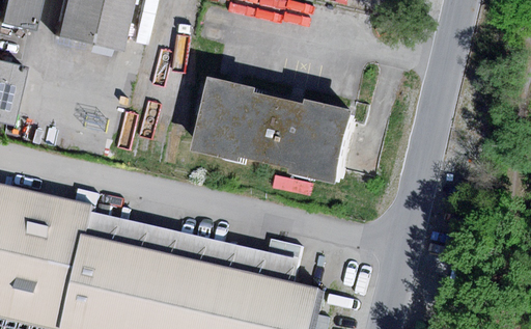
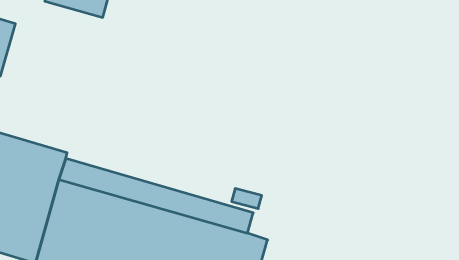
building: [199,81,360,188] -> none

